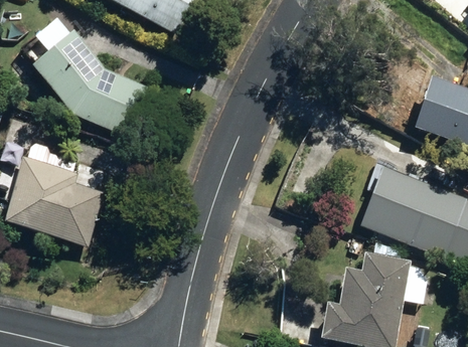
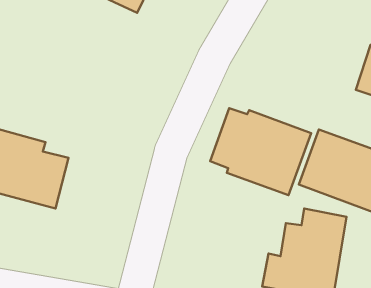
building: [33,35,149,136] -> none
building: none -> [210,108,311,195]

